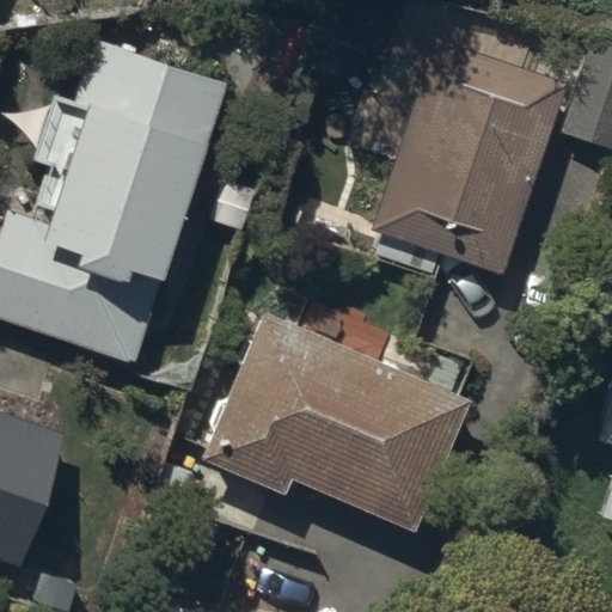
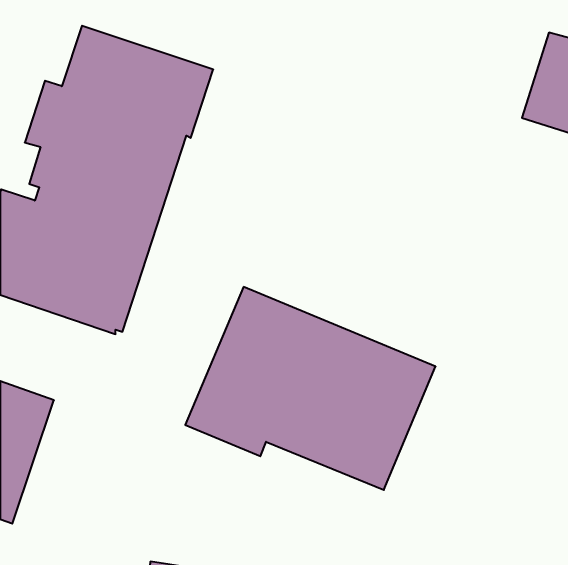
building: [373,39,565,273] -> none

